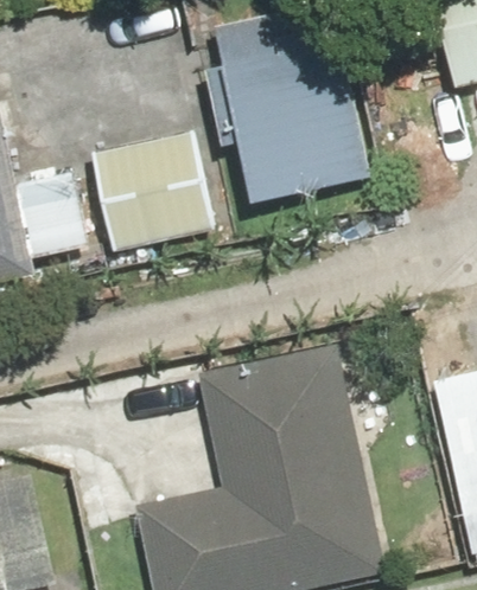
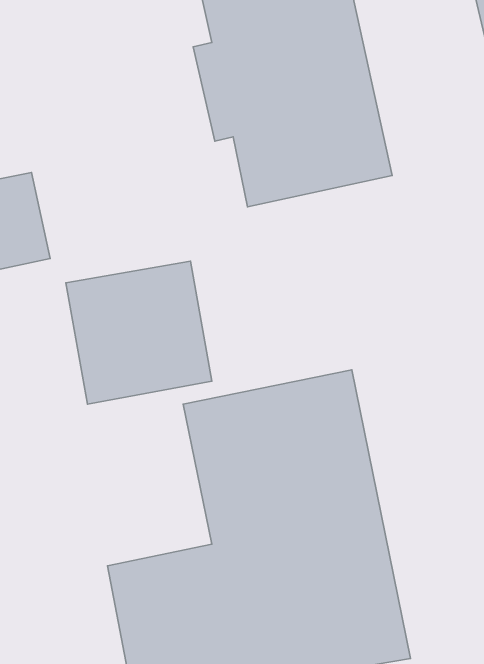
building: [94,135,215,254] -> [66,261,212,404]

